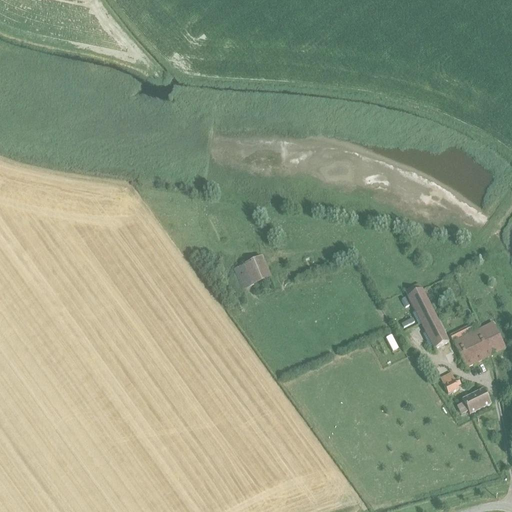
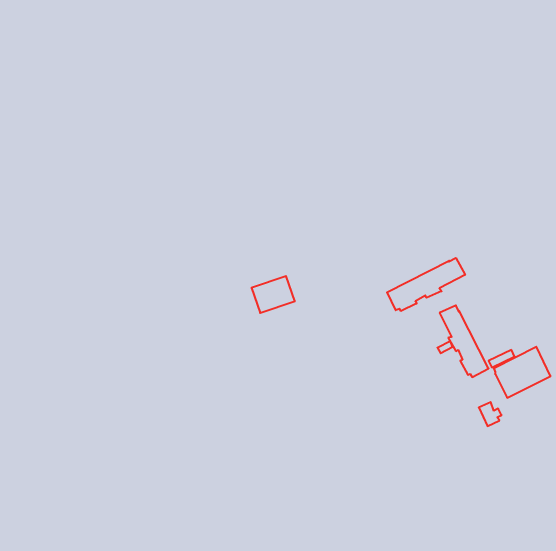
building: none -> [387,258,465,311]
building: [462,386,491,412] -> none

